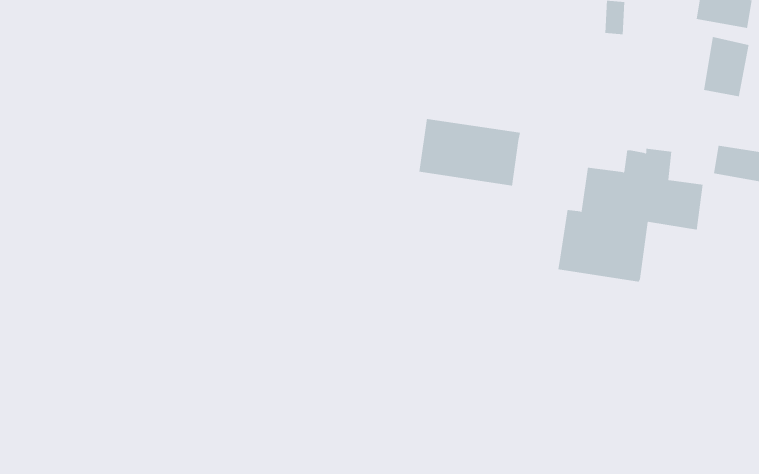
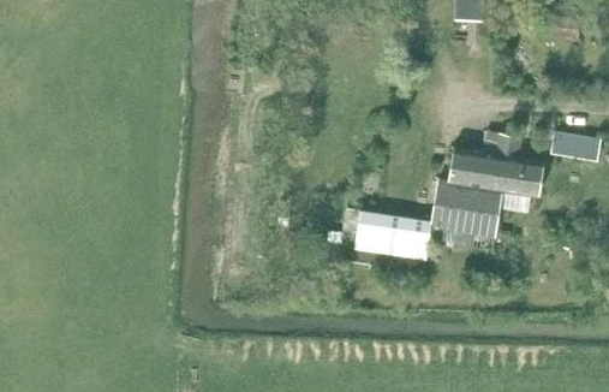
building: [704,36,749,97] -> none
building: [418,118,521,186] -> [354,210,432,262]

